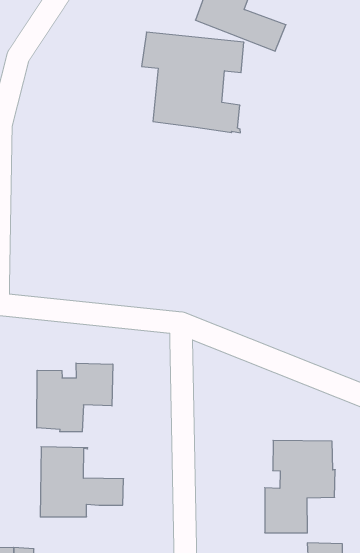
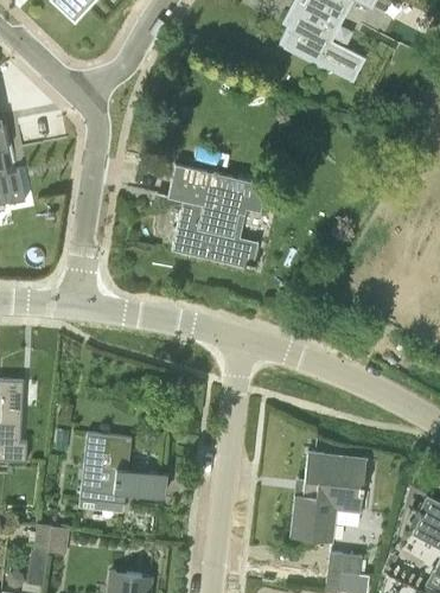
building: [142,32,244,133] -> [167,165,267,270]
building: [37,363,113,432] -> none

